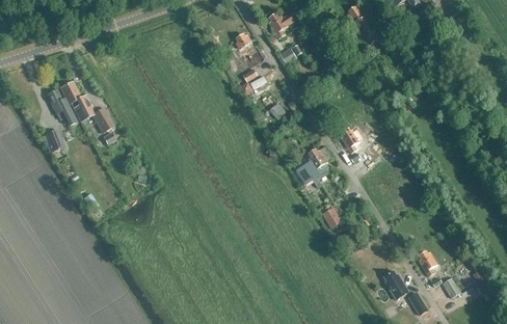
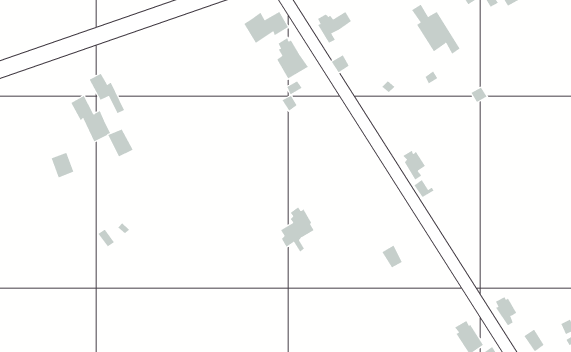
building: none -> [244,11,289,44]
building: [46,89,76,124] -> [89,73,125,114]
building: [299,147,328,186] -> [280,207,315,252]

